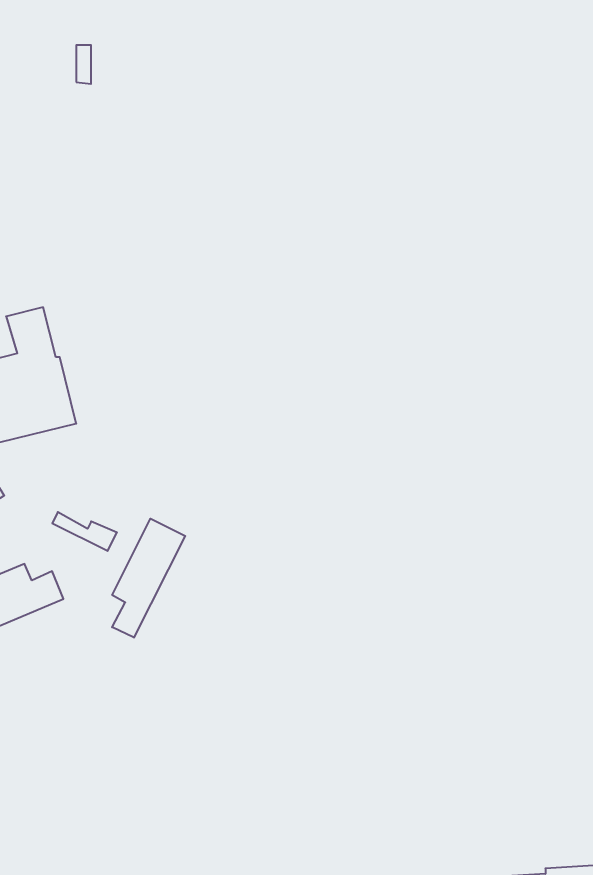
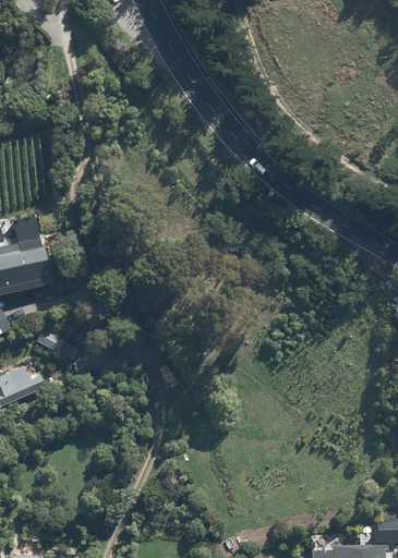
building: [112,519,185,638] -> none

